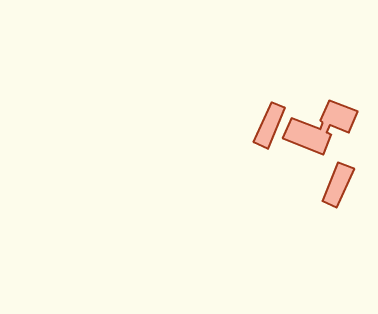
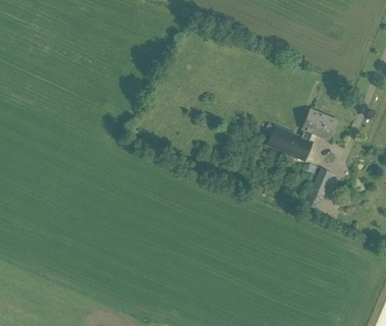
building: [254,102,285,149] -> none

